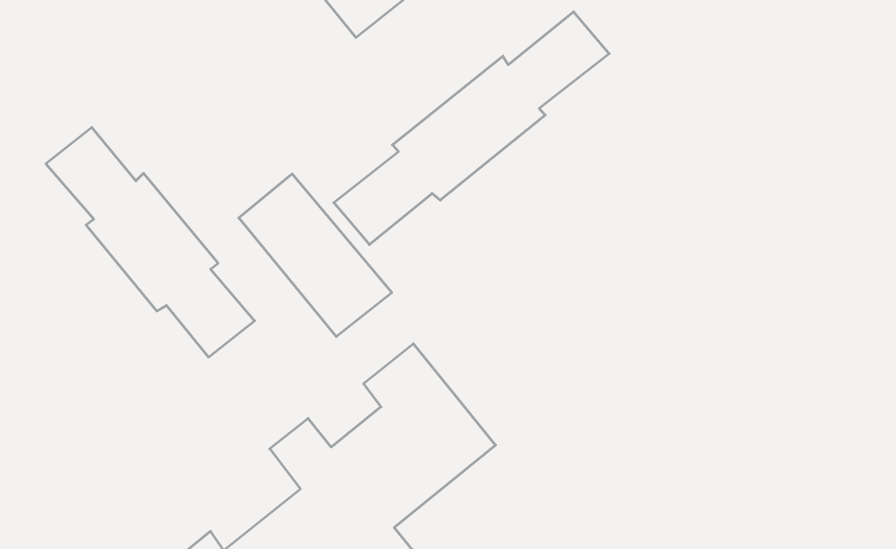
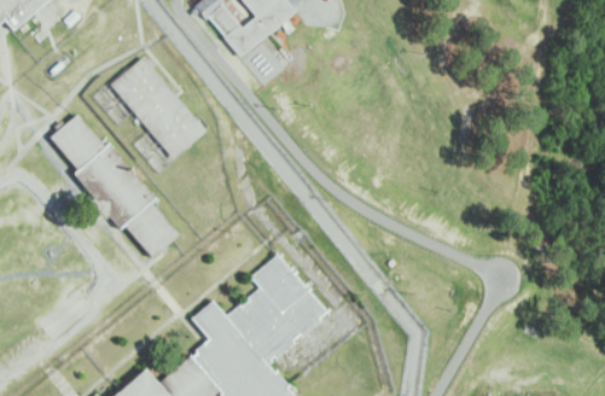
building: [334,12,609,245] -> none
building: [239,174,392,337] -> [110,56,206,158]

